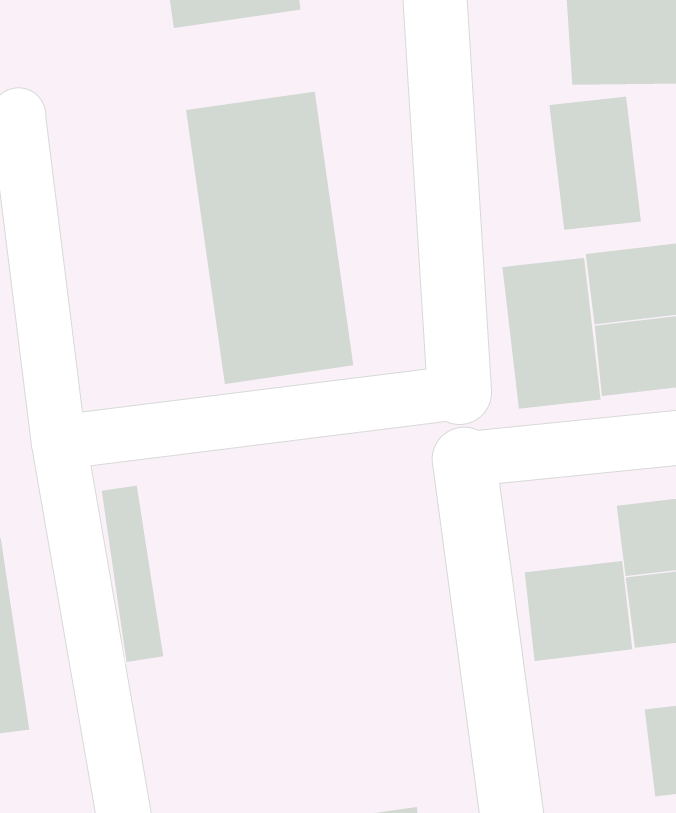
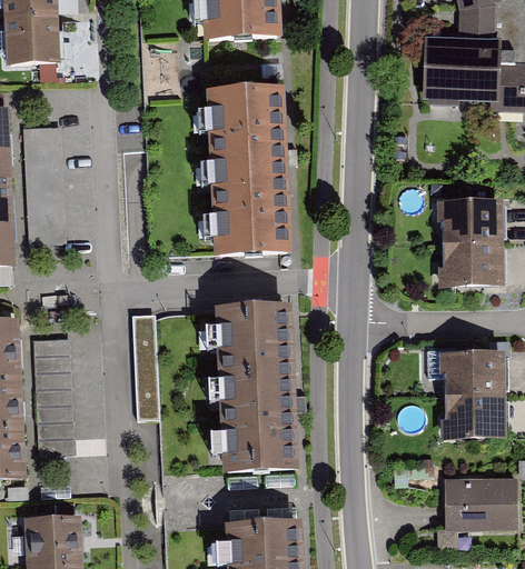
building: [549,96,642,231] -> none
building: [501,257,602,409] -> none
building: none -> [214,303,298,473]
building: [524,560,633,662] -> none

